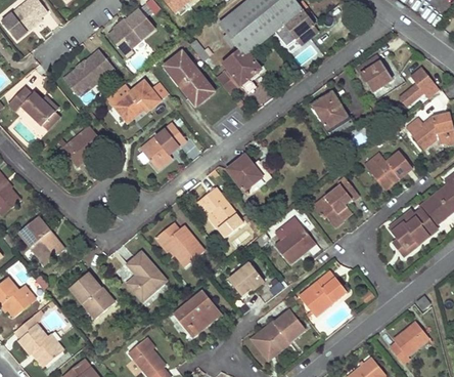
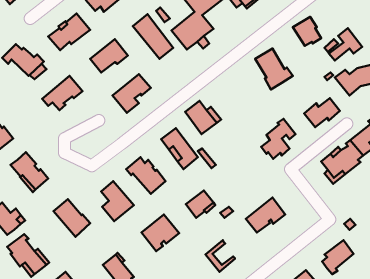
building: [274,223,316,263] -> none
building: [260,310,305,351] -> none

